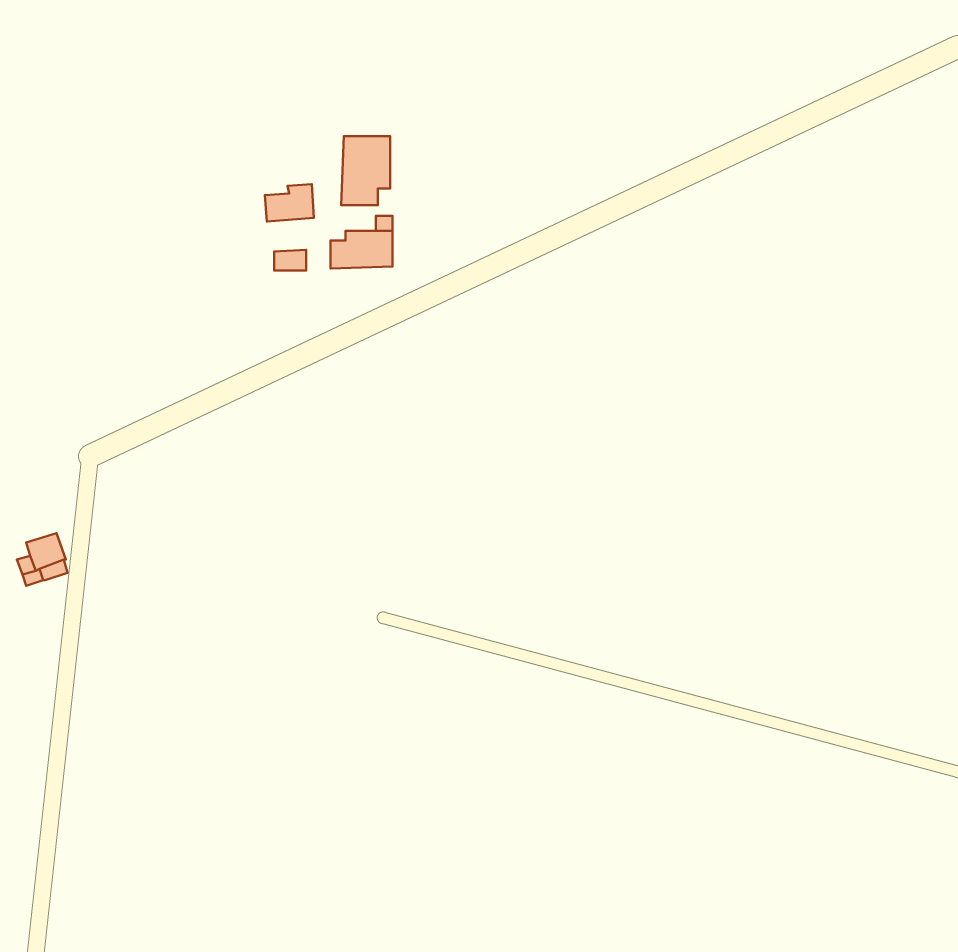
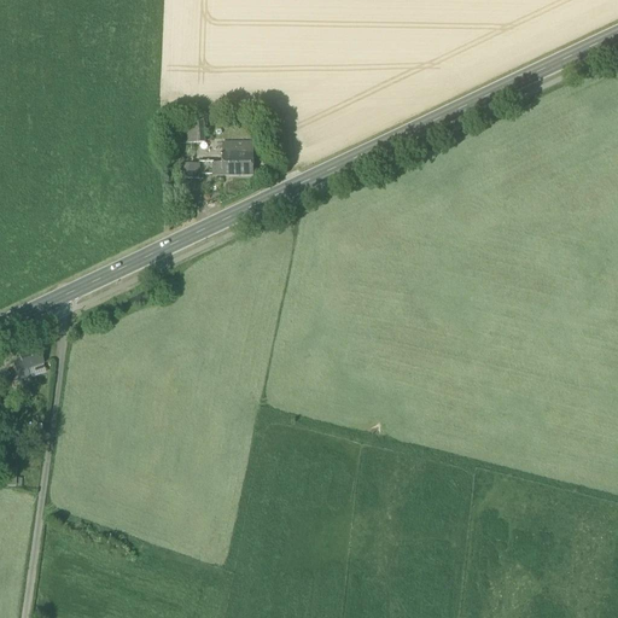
building: [341,136,390,205] -> none

